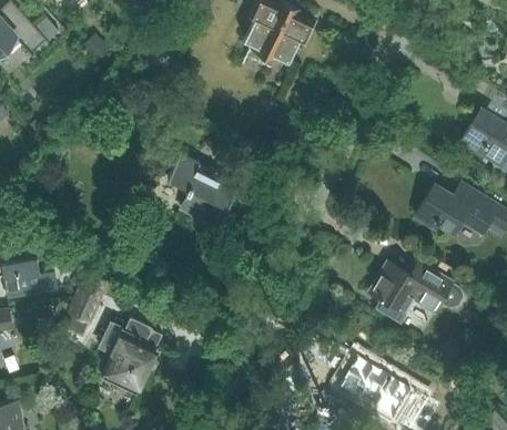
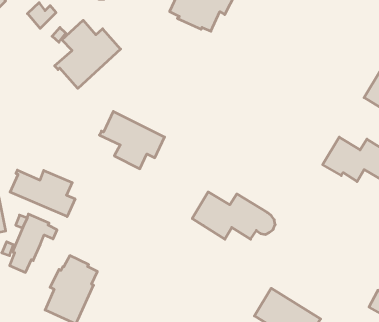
building: none -> [55,20,121,88]
building: none -> [10,170,75,217]
building: [368,262,462,315] -> [192,192,275,239]

